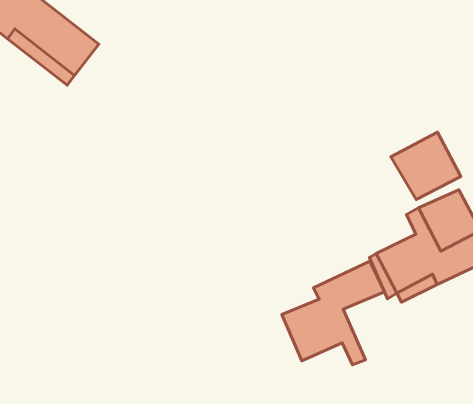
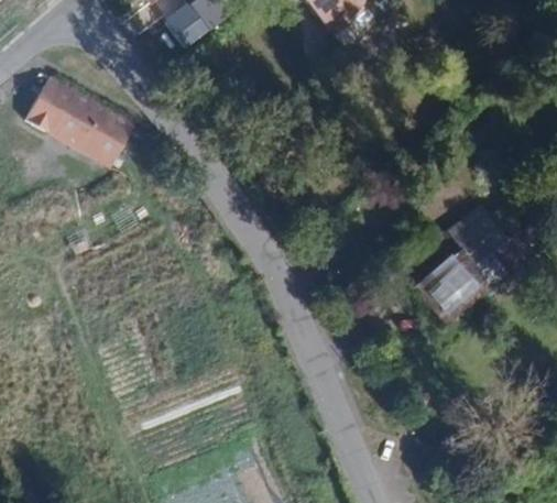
building: [391,132,461,199] -> none
building: [282,261,385,365] -> none

